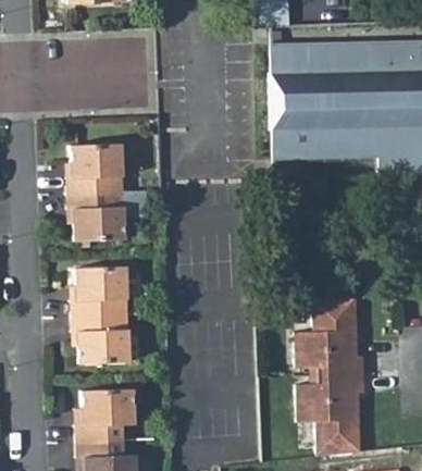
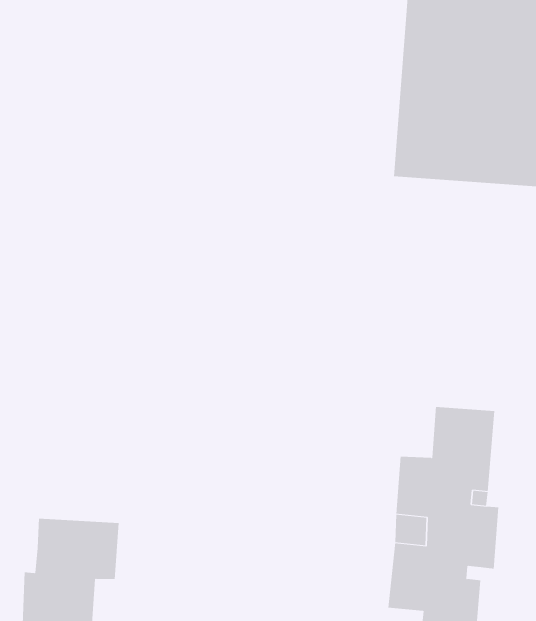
building: [69,144,124,241] -> none
building: [73,267,129,364] -> none

